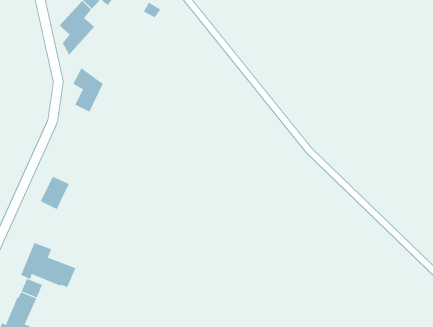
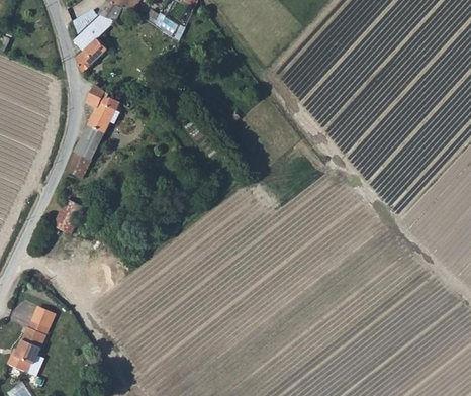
building: none -> [68,124,104,178]
building: [21,242,76,288] -> none

